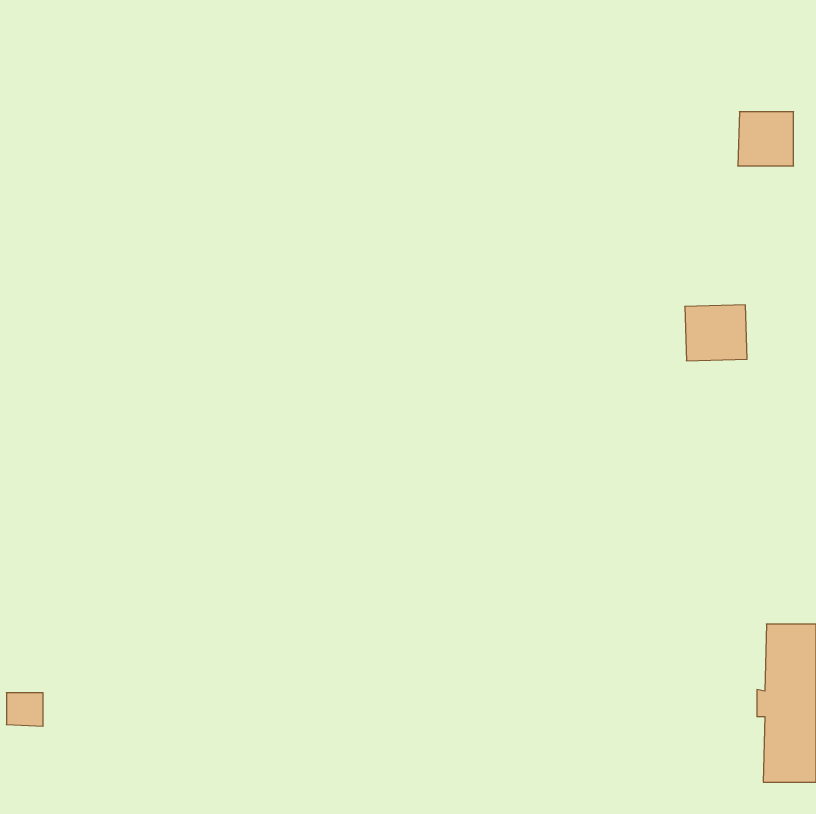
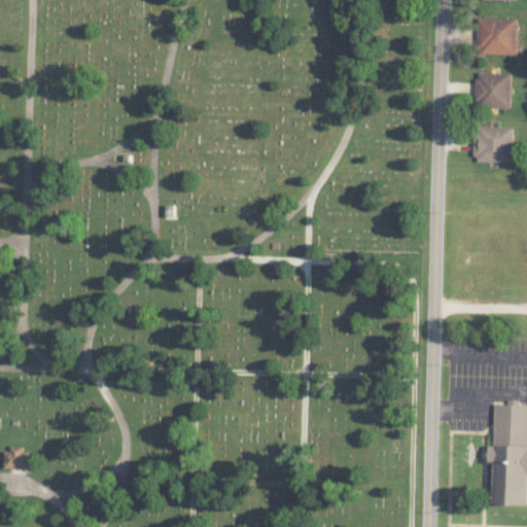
building: none -> [478,17,517,56]
building: [685,305,747,361] -> [475,127,515,163]

